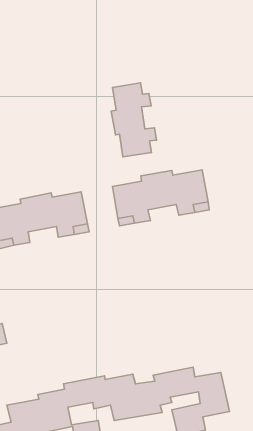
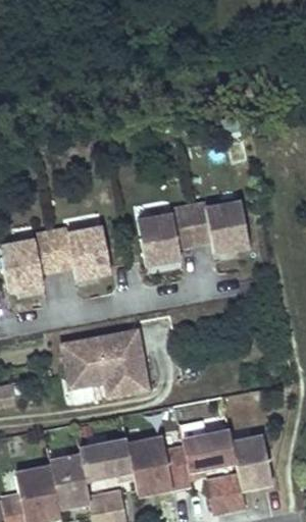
building: [111,83,157,157] -> none
building: none -> [58,331,145,399]

